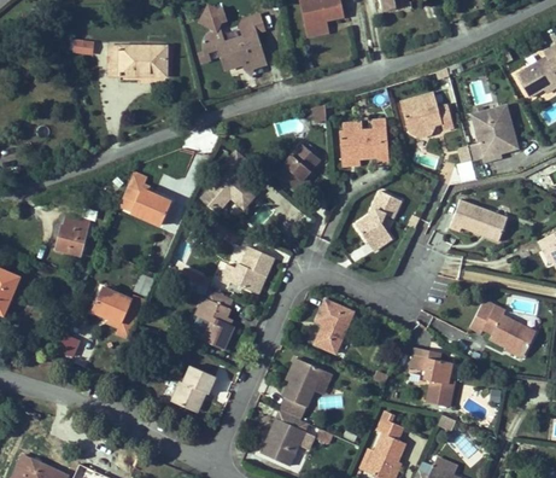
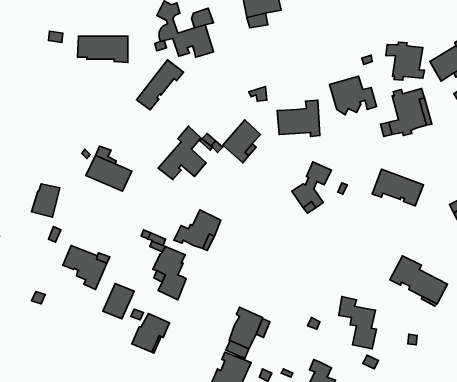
building: none -> [386,42,424,80]
building: none -> [136,60,184,110]
building: [314,299,353,354] -> none
building: none -> [103,283,134,319]

